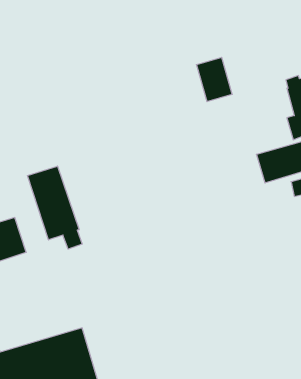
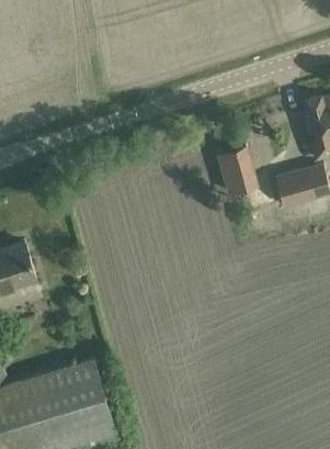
building: [196,57,232,102] -> [219,148,257,194]
building: [28,166,82,249] -> none

